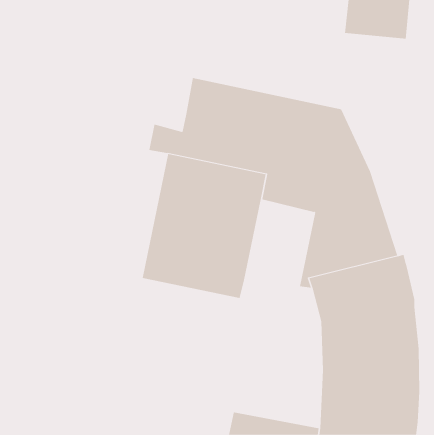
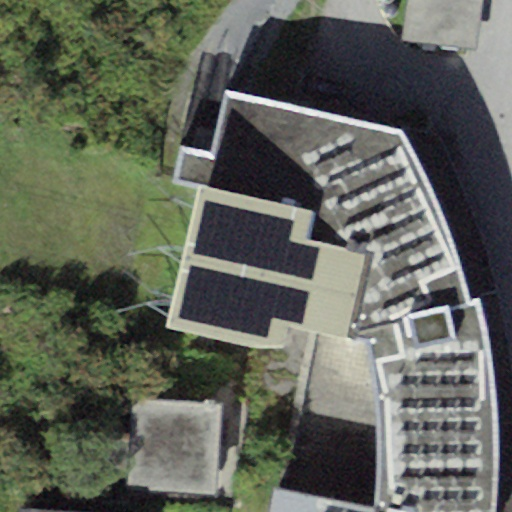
building: none -> [289,234,371,336]
building: none -> [130,394,225,494]

